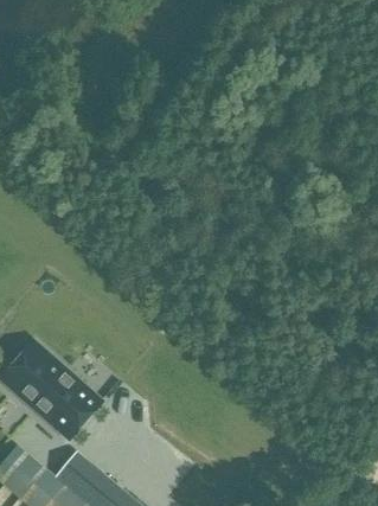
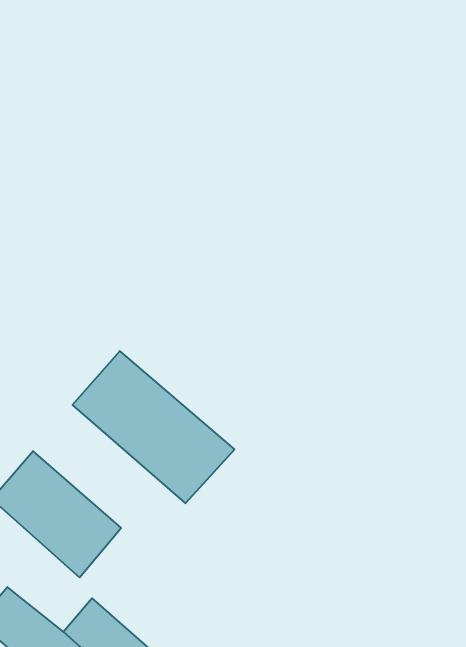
building: none -> [73,351,234,503]

